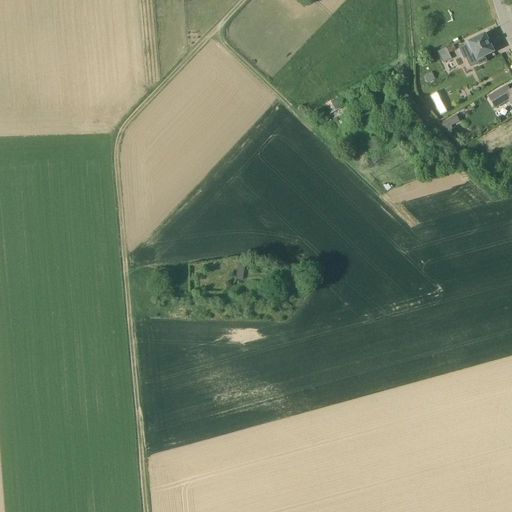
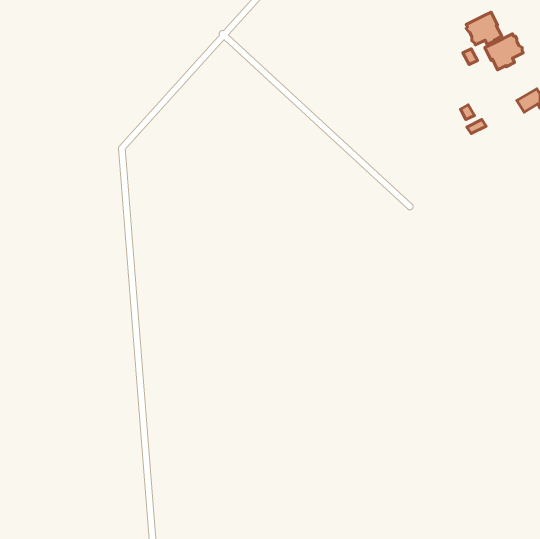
building: none -> [466,12,502,45]

